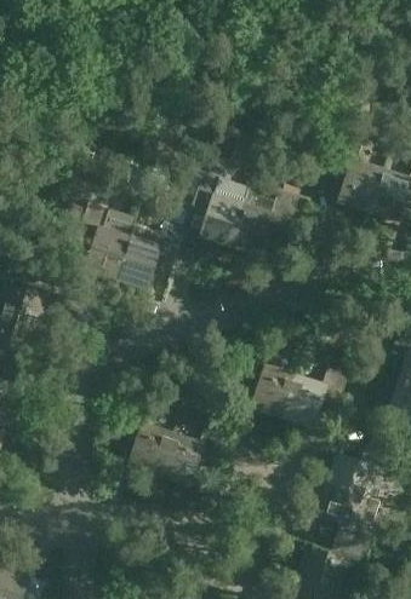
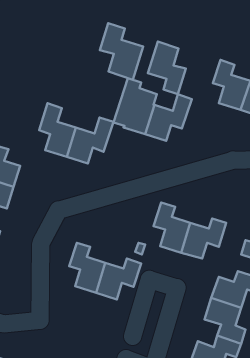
building: none -> [100,23,143,80]
building: none -> [148,41,186,94]

